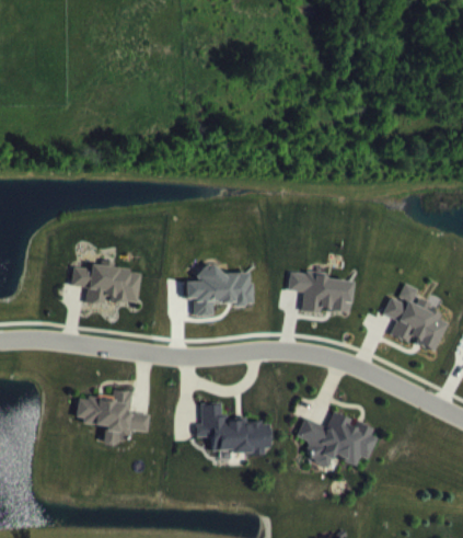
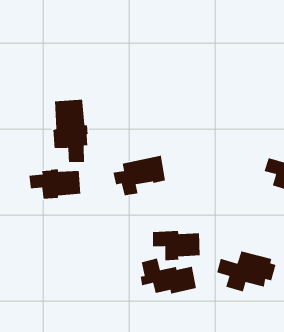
building: none -> [52,99,89,163]
building: [286,270,351,313] -> [152,230,200,261]
building: [77,390,150,444] -> none

